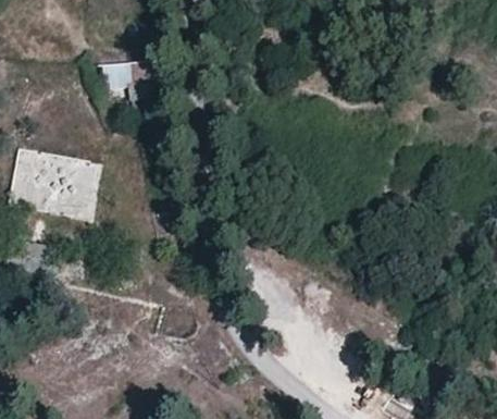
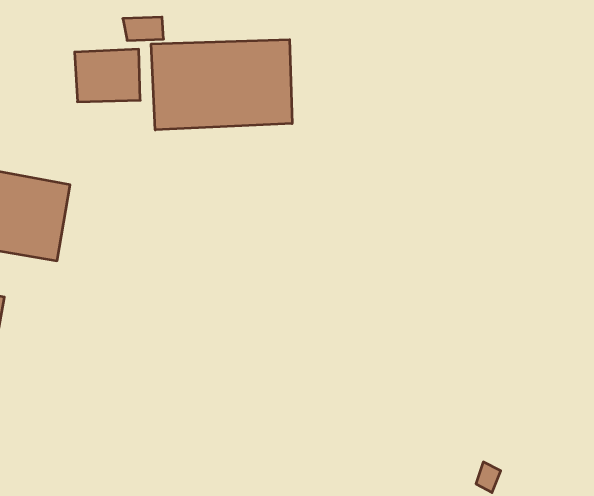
building: none -> [151,40,292,130]

